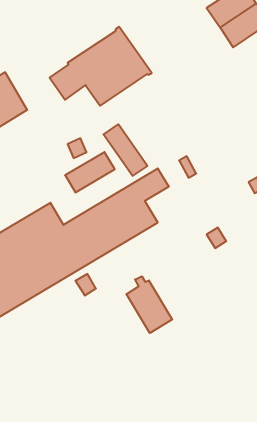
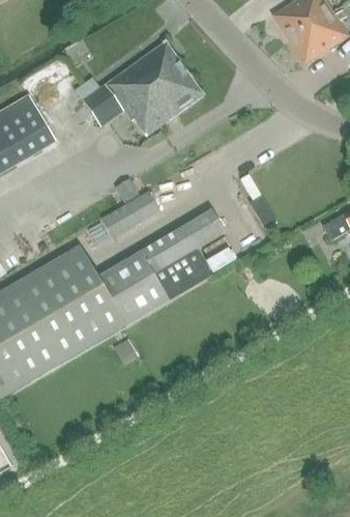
building: [103,124,147,176] -> none
building: [126,276,172,333] -> none

